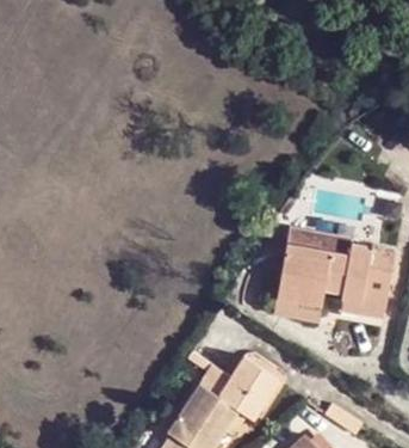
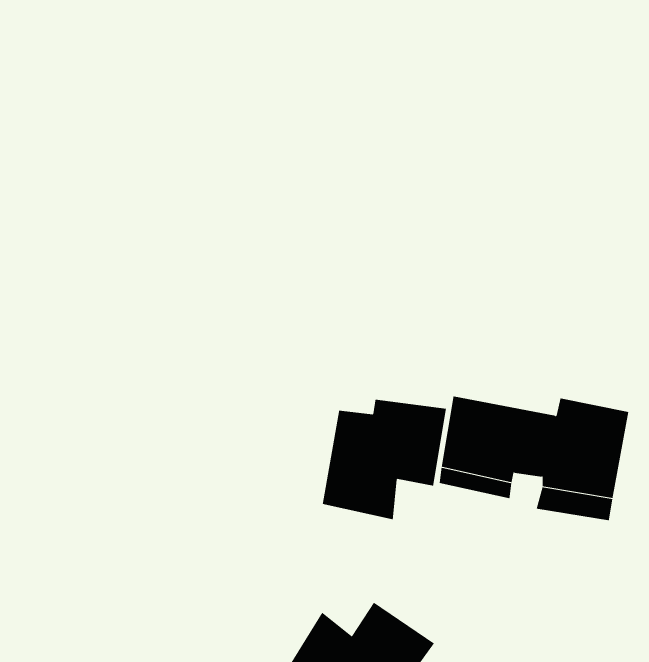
building: none -> [322,399,447,520]

